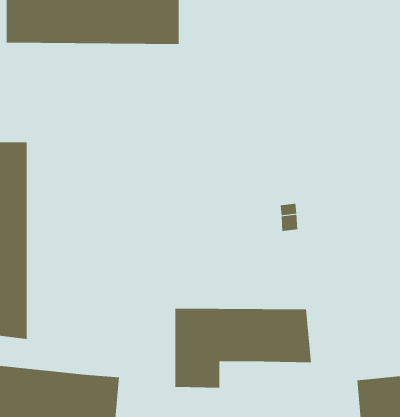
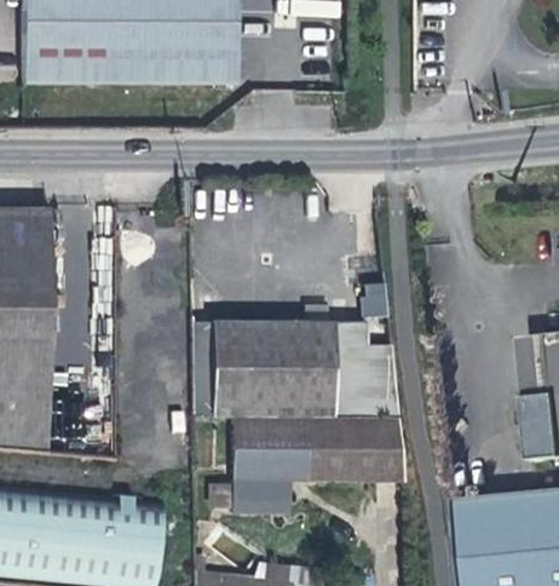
building: none -> [190,320,396,414]

